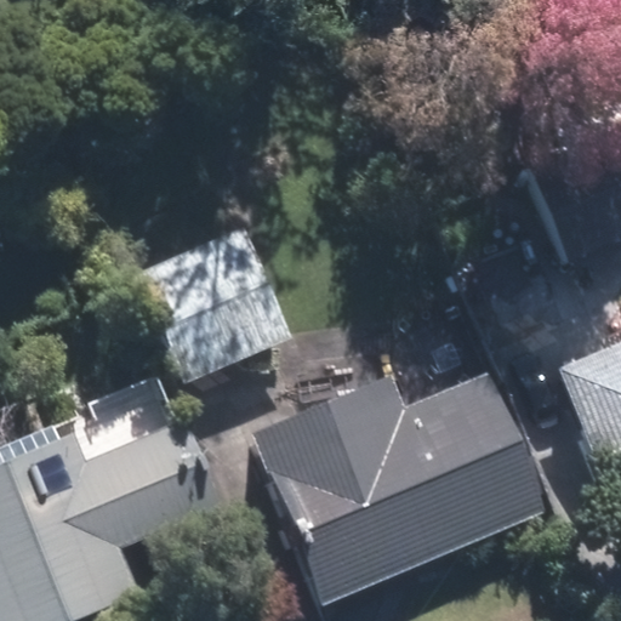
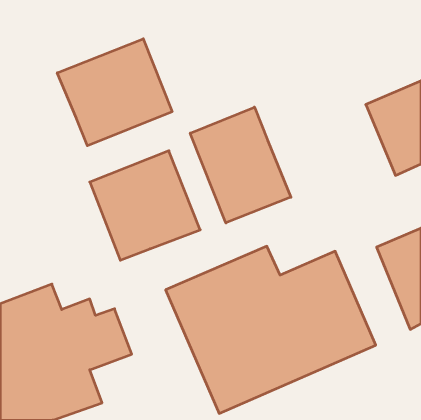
building: none -> [57,39,172,146]
building: none -> [190,107,291,223]

